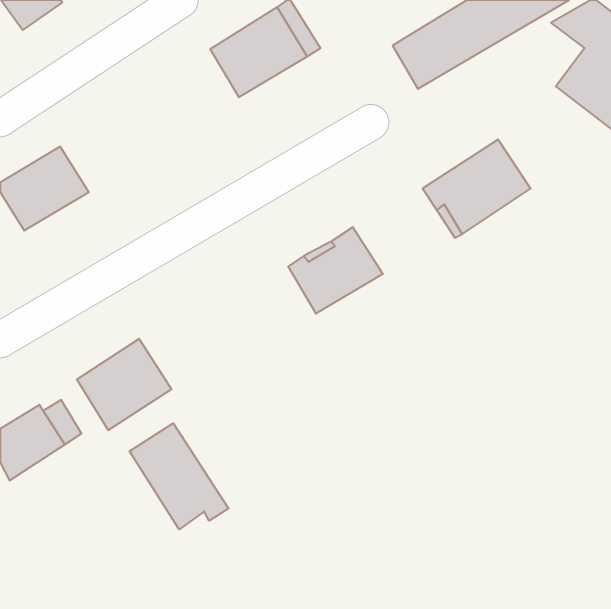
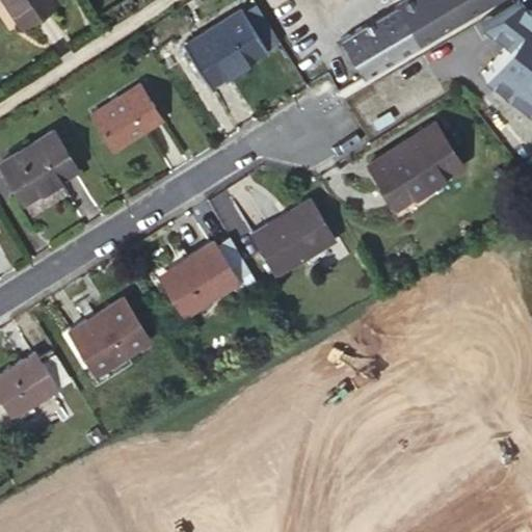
building: none -> [91,87,161,150]
building: none -> [161,244,239,317]
building: [130,423,228,529] -> none

